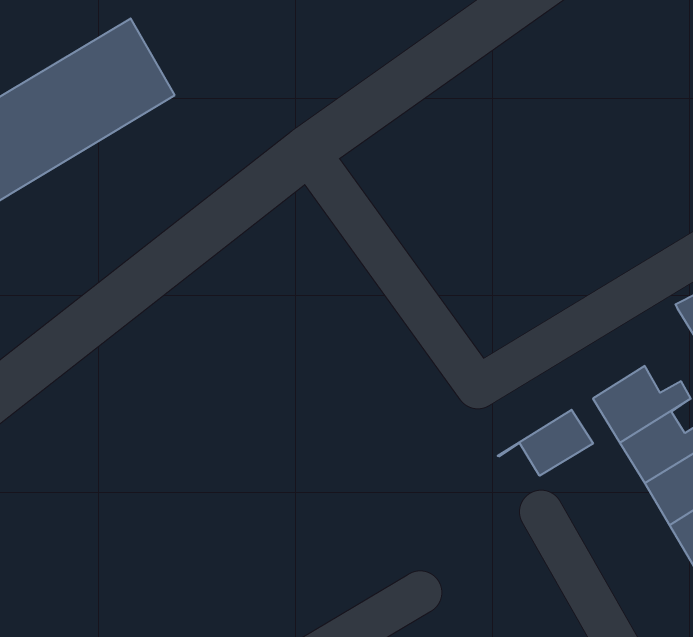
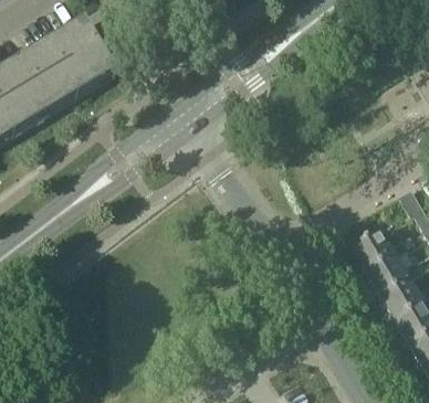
building: [498,410,593,476] -> none

